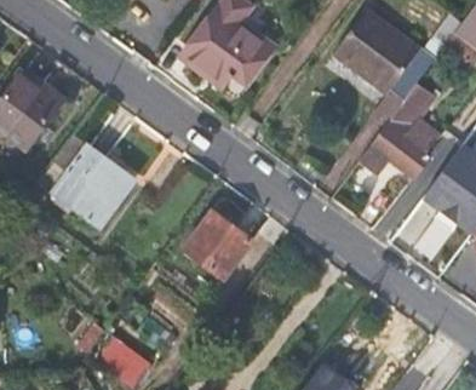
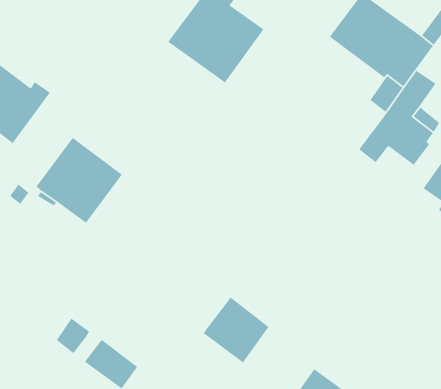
building: [187,214,251,279] -> [203,296,270,363]

